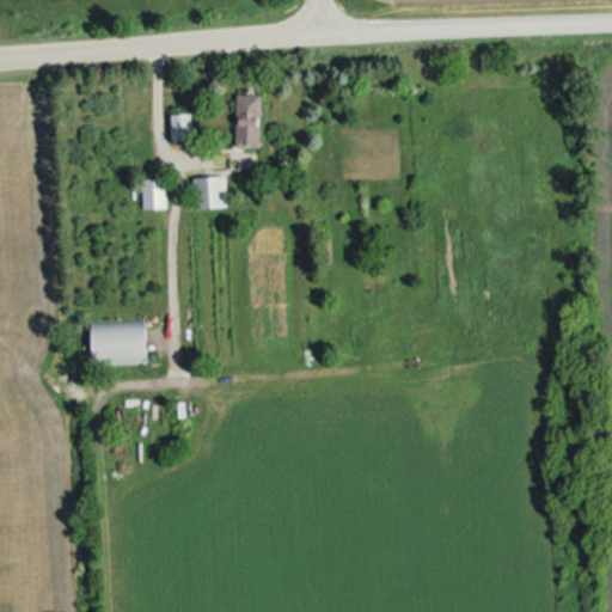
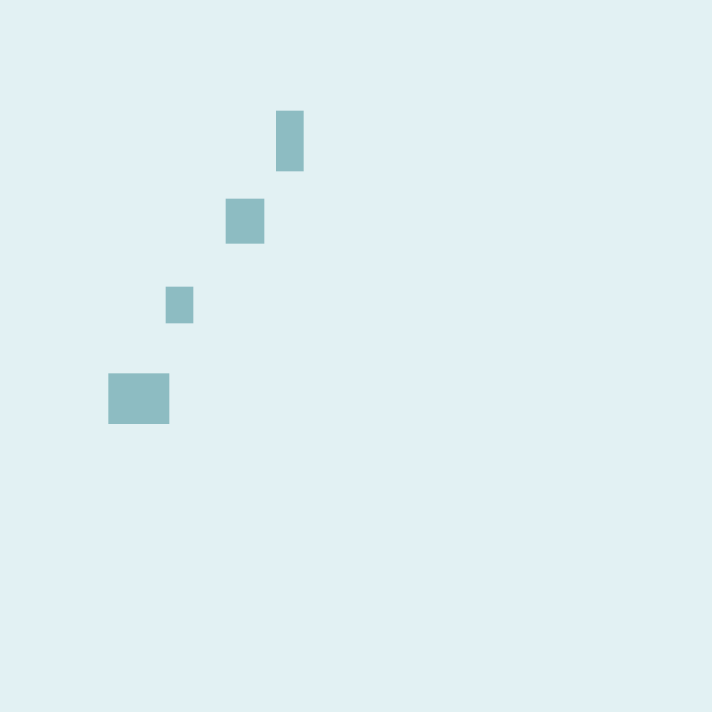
building: [170,116,191,141] -> none
building: [142,179,167,212] -> [165,286,194,324]

